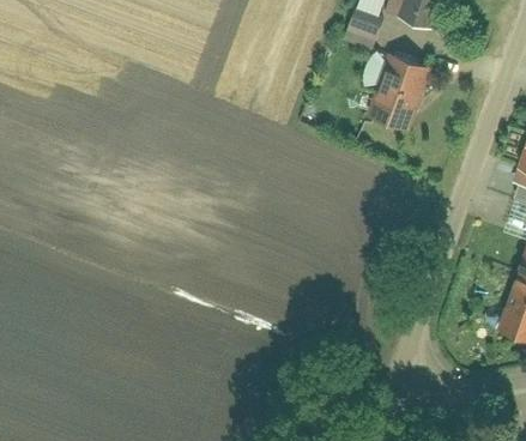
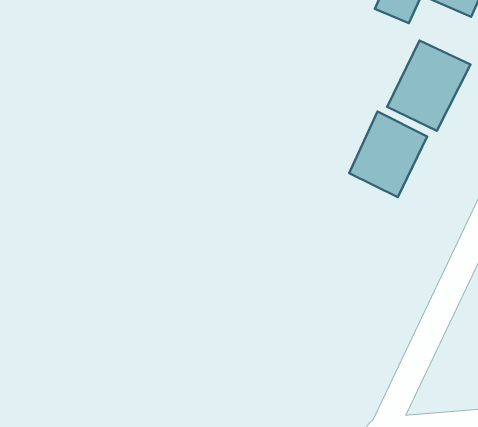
building: none -> [349,112,427,197]

